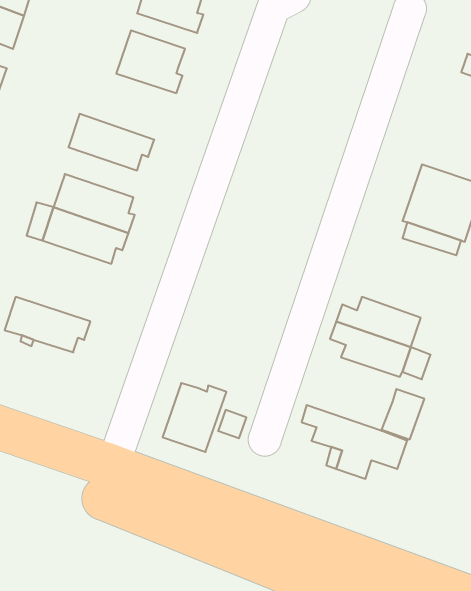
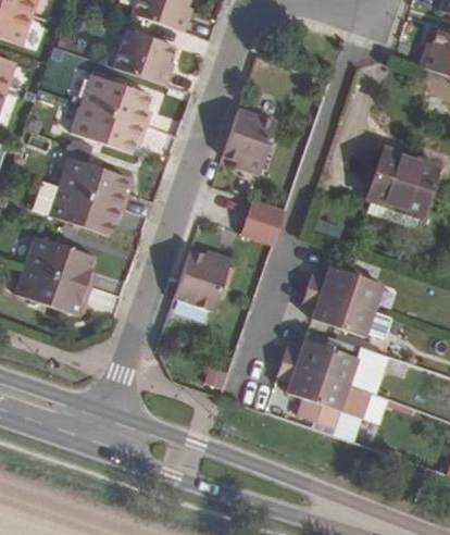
building: none -> [80,73,152,125]
building: none -> [223,108,277,174]
building: none -> [241,200,285,242]
building: none -> [24,235,96,286]
building: none -> [282,337,358,383]
building: [163,383,226,452] -> [174,249,230,310]

